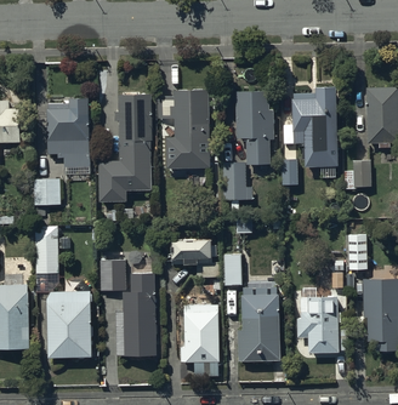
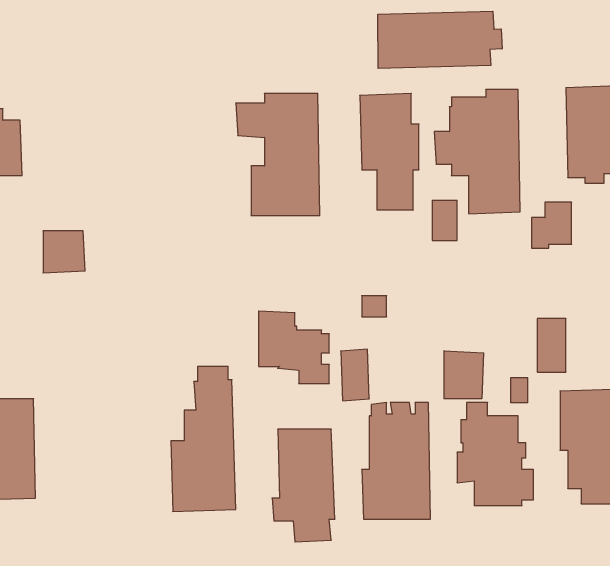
building: none -> [378,11,502,68]
building: [98,96,152,202] -> none
building: [46,99,90,175] -> none
building: [222,161,252,200] -> none
building: [35,226,57,273] -> none
building: none -> [444,351,484,399]
building: [100,255,125,291] -> none
building: [46,291,93,359] -> none

